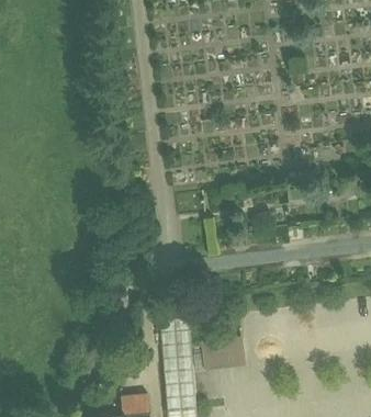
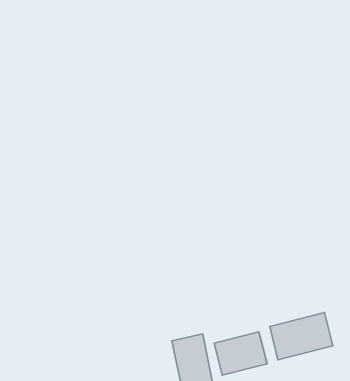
building: none -> [270,313,333,360]

